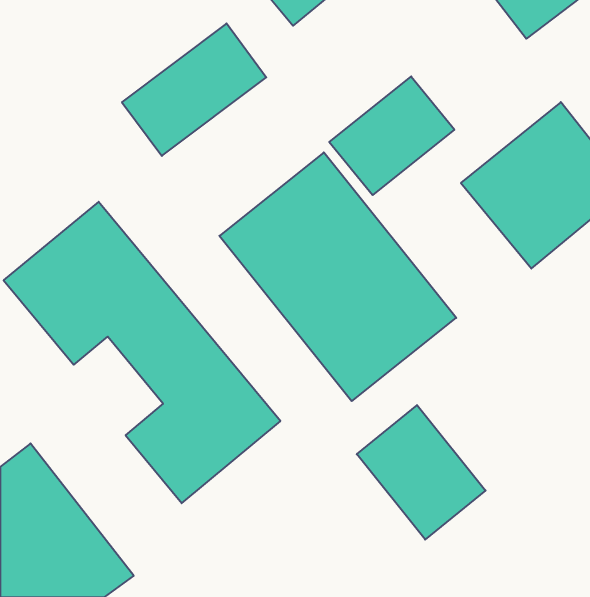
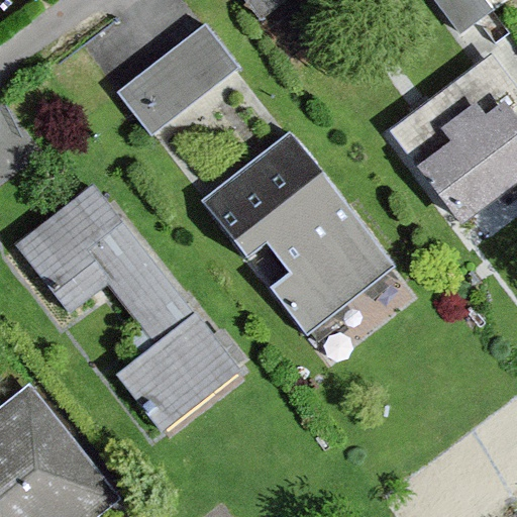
building: [329,76,454,195] -> none
building: [357,405,486,540] -> none

